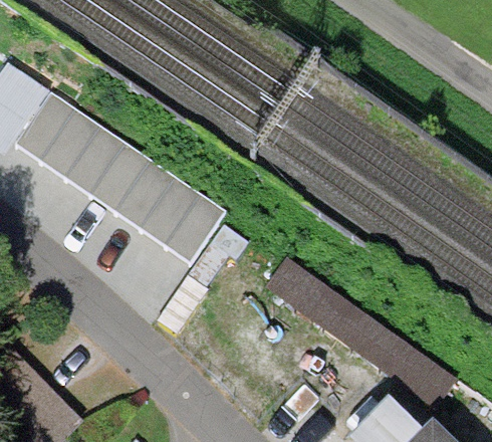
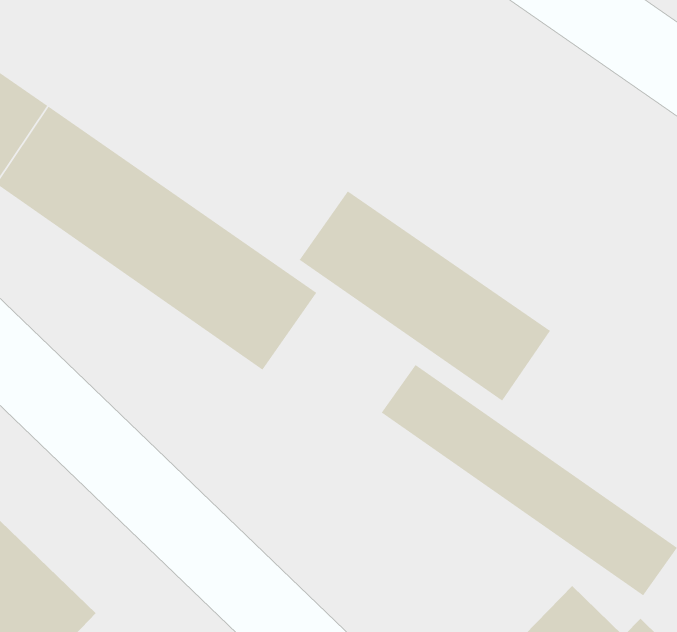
building: none -> [299,190,551,402]

